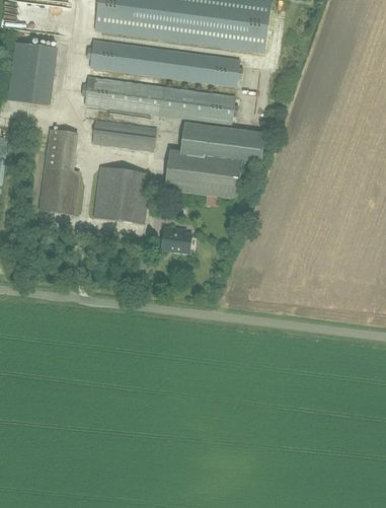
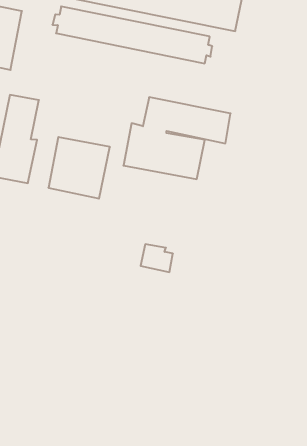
building: [81,76,237,123] -> none
building: [92,120,155,150] -> none
building: [160,227,190,252] -> [141,244,173,272]

